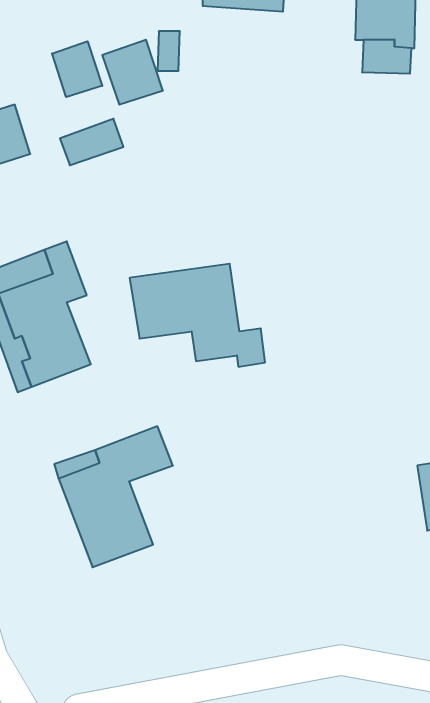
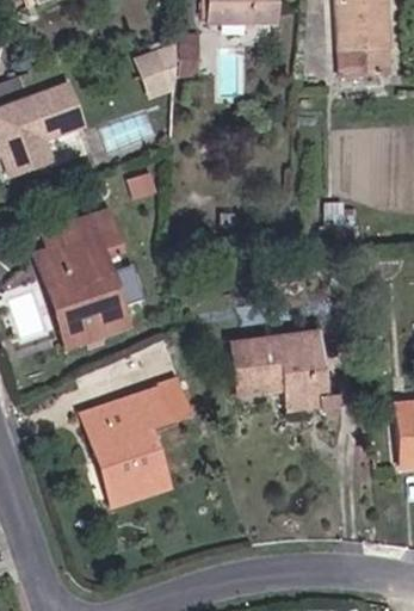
building: [52,41,102,97] -> none
building: [130,264,265,367] -> [220,326,334,413]

